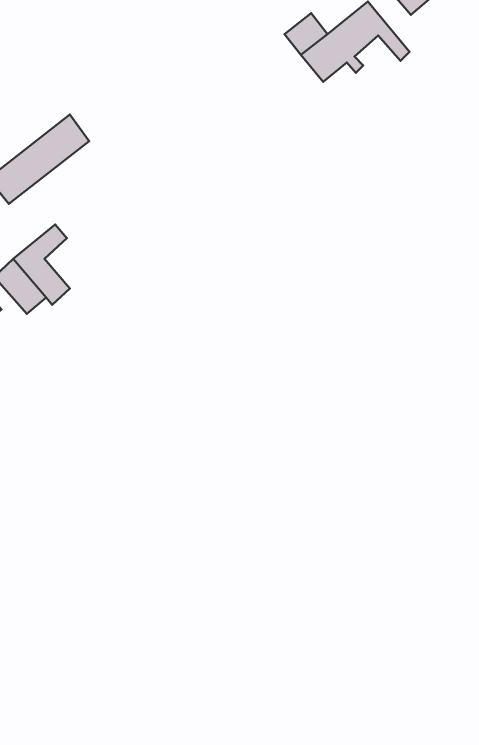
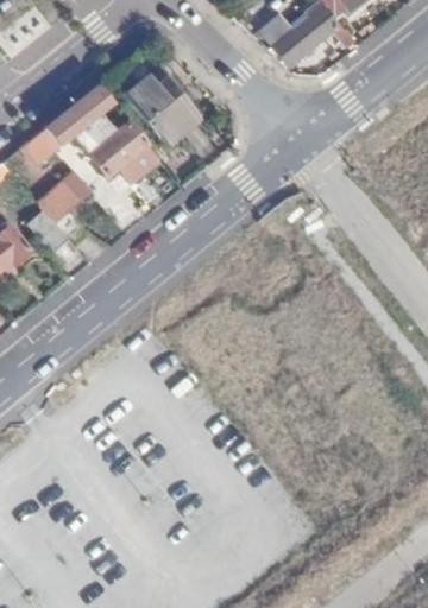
building: none -> [125,70,195,141]
building: none -> [89,124,151,182]

